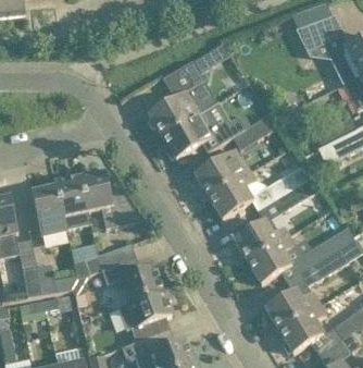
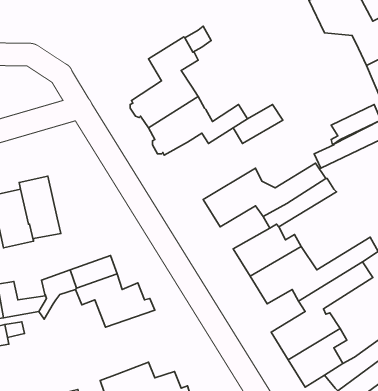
building: [195,147,251,195] -> none
building: [78,170,139,228] -> none
building: [117,287,171,341] -> none

